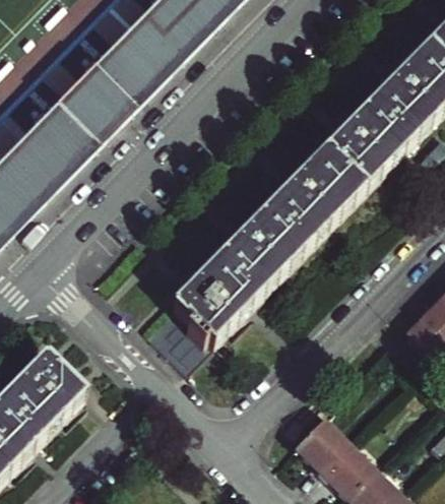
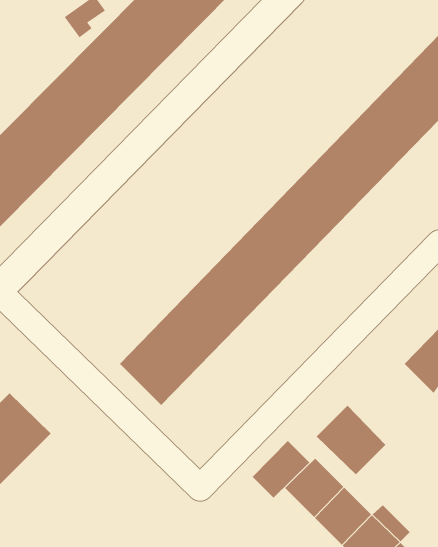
building: none -> [316,405,386,475]
building: none -> [252,440,310,498]

